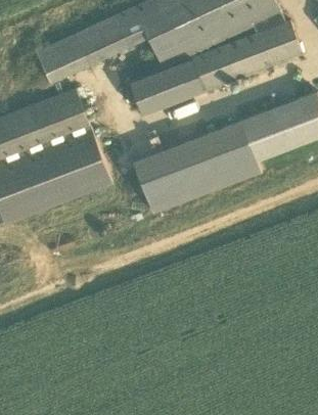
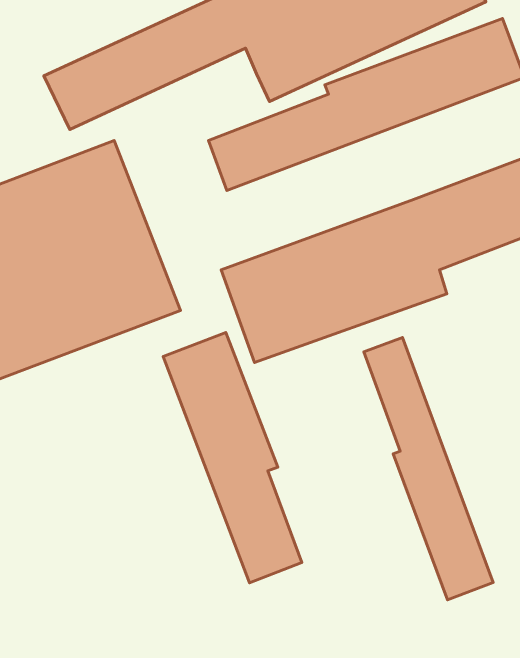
building: none -> [163,333,302,583]
building: none -> [364,337,493,600]

